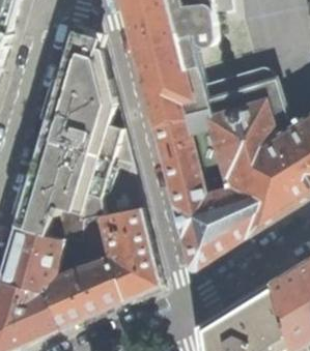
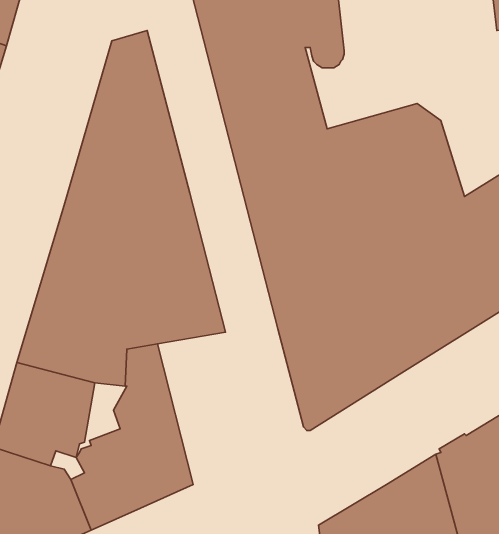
building: [100,209,160,302] -> none

